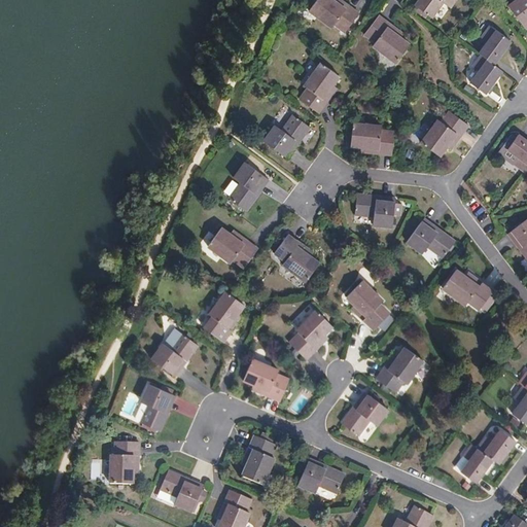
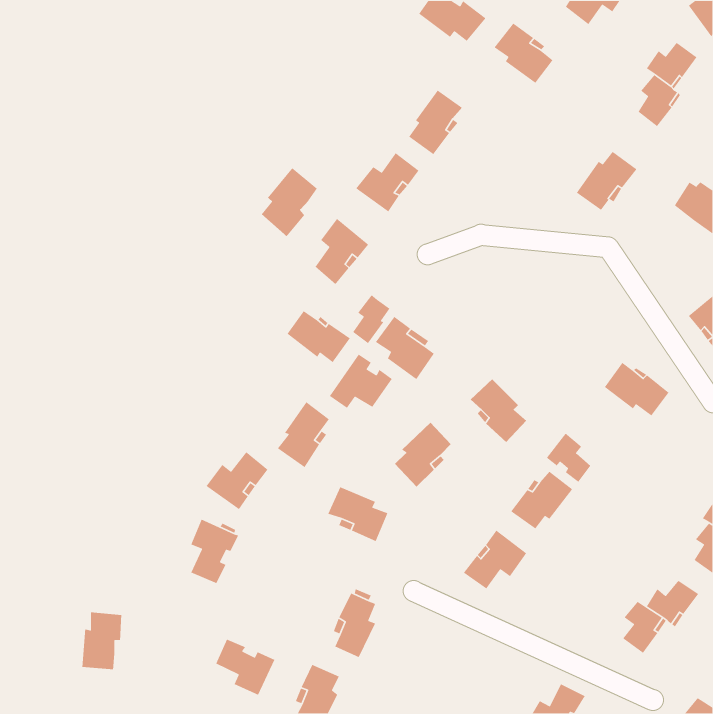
building: none -> [261,167,318,237]
building: [353,125,395,155] -> none
building: [354,195,395,227] -> none
building: [405,216,453,256] -> none
building: none -> [352,294,391,344]
building: none -> [329,353,393,409]
building: none -> [546,432,591,483]
building: [111,440,141,483] -> [82,612,122,670]
building: [297,459,346,494] -> none

